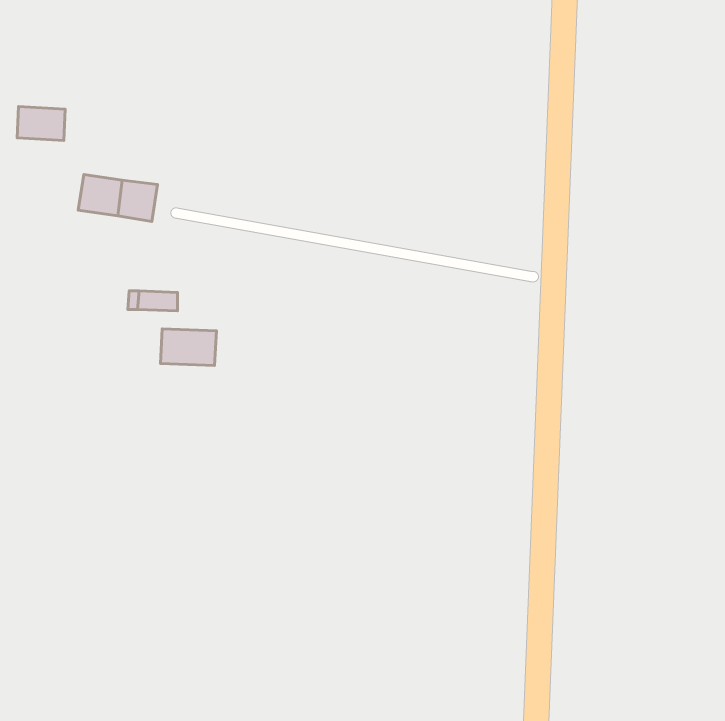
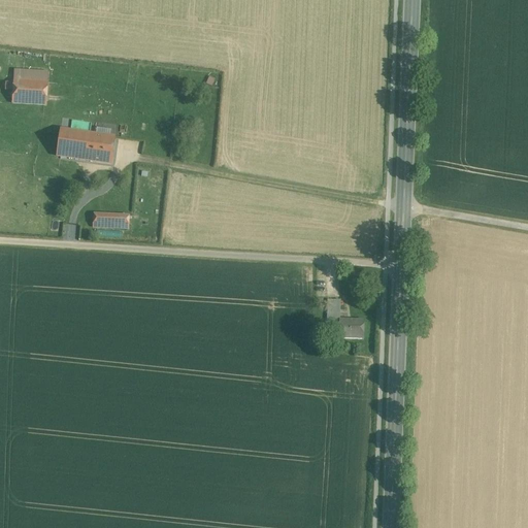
building: [161,329,216,365] -> none
building: none -> [338,317,363,336]

